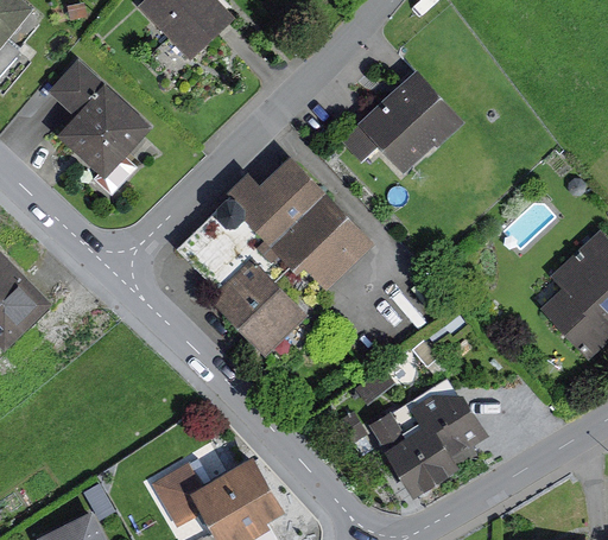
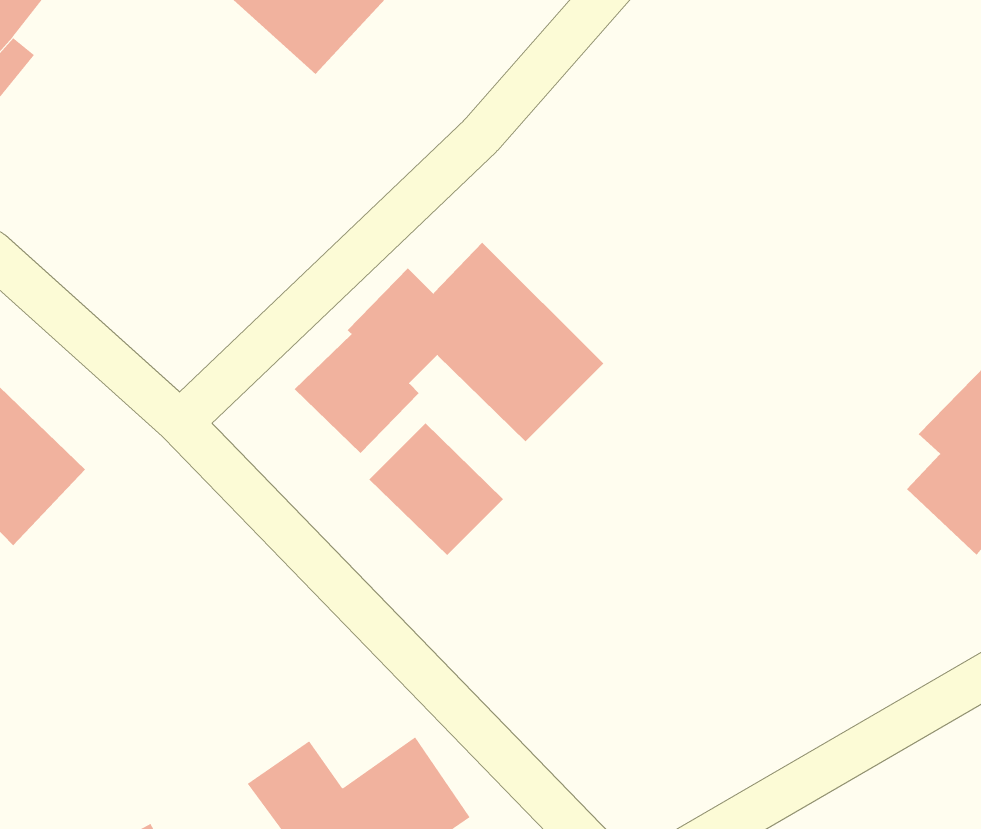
building: [46,63,145,176] -> none
building: [361,75,461,174] -> none
building: [374,377,489,497] -> none

